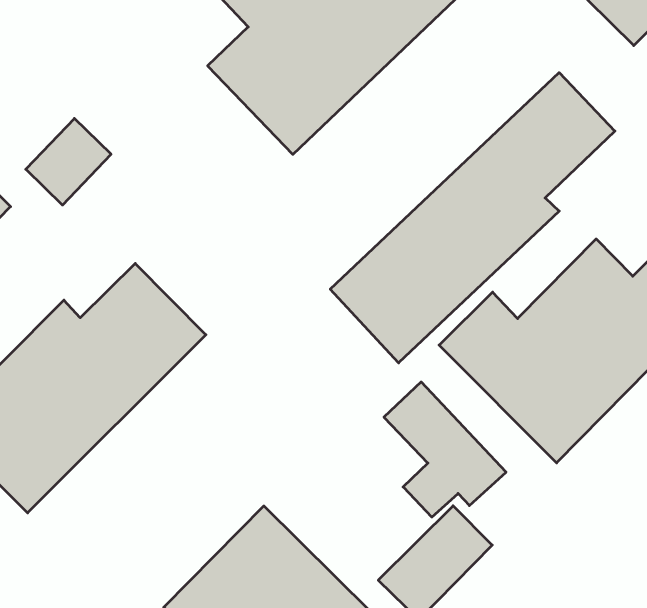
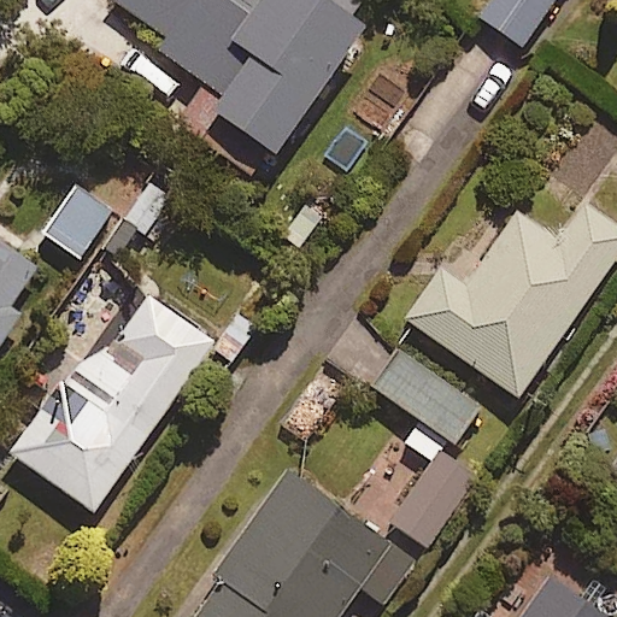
building: [330,73,615,363] -> none

